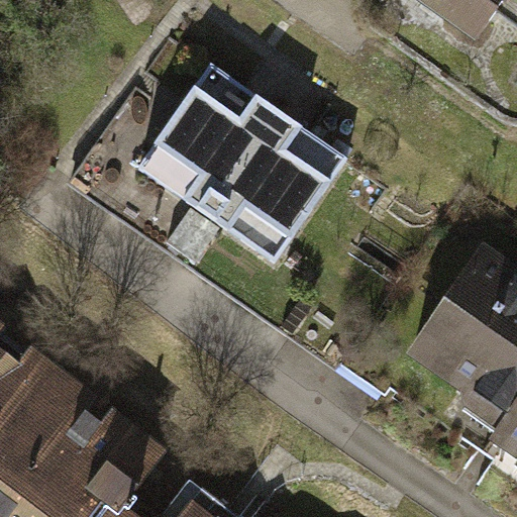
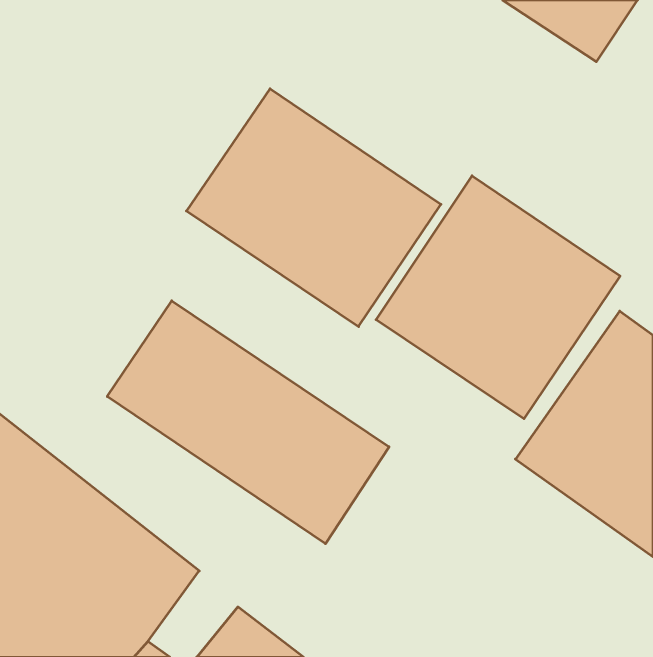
building: none -> [376,176,620,419]
building: none -> [107,301,389,544]

